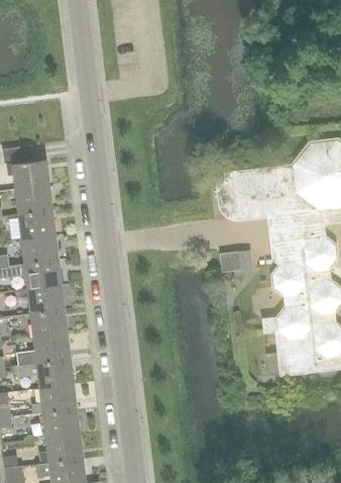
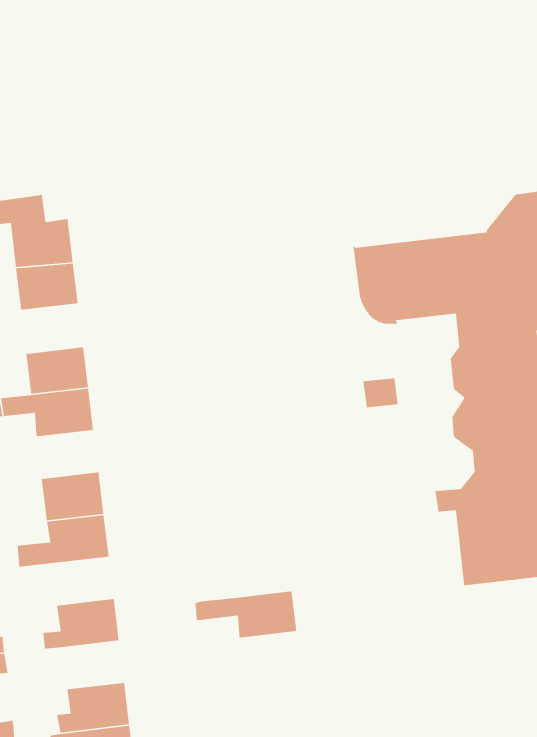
building: [18,210,55,239] -> none
building: [27,285,65,313] -> none
building: [13,360,74,388] -> [194,591,297,638]
building: [42,409,80,438] -> none

